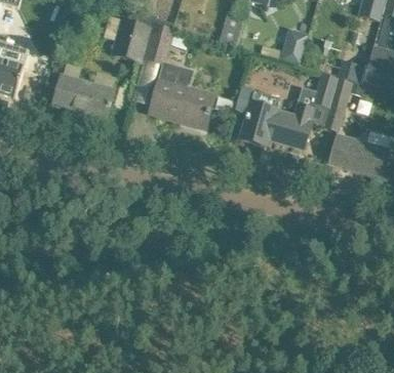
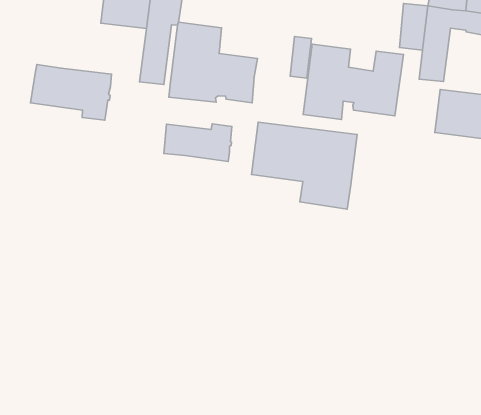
building: none -> [164,124,232,161]
building: none -> [252,122,357,209]

